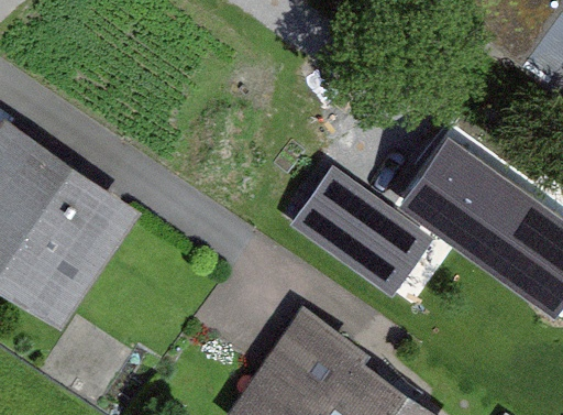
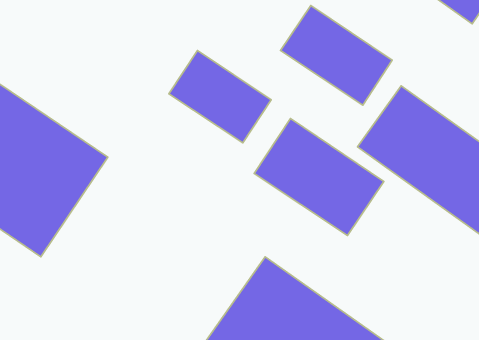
building: none -> [281,5,392,105]
building: none -> [169,51,271,143]

